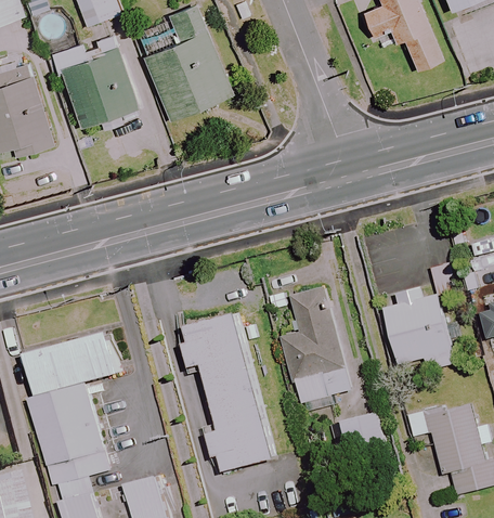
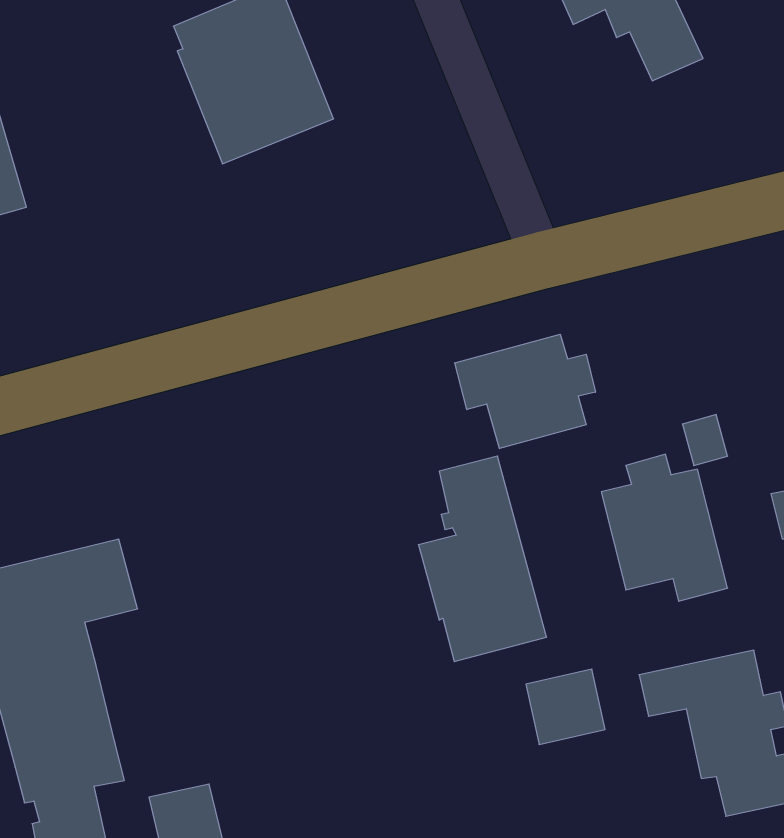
building: [50,33,136,126] -> none
building: none -> [455,334,595,449]
building: [178,311,274,472] -> none

